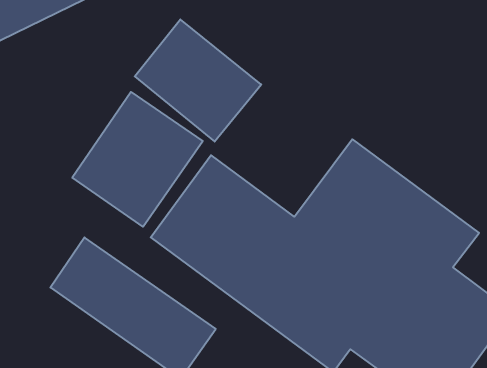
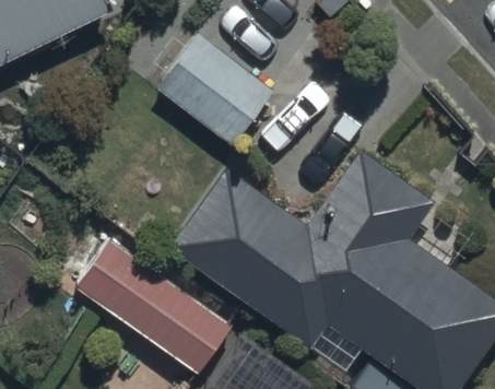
building: [72,92,203,227] -> none

